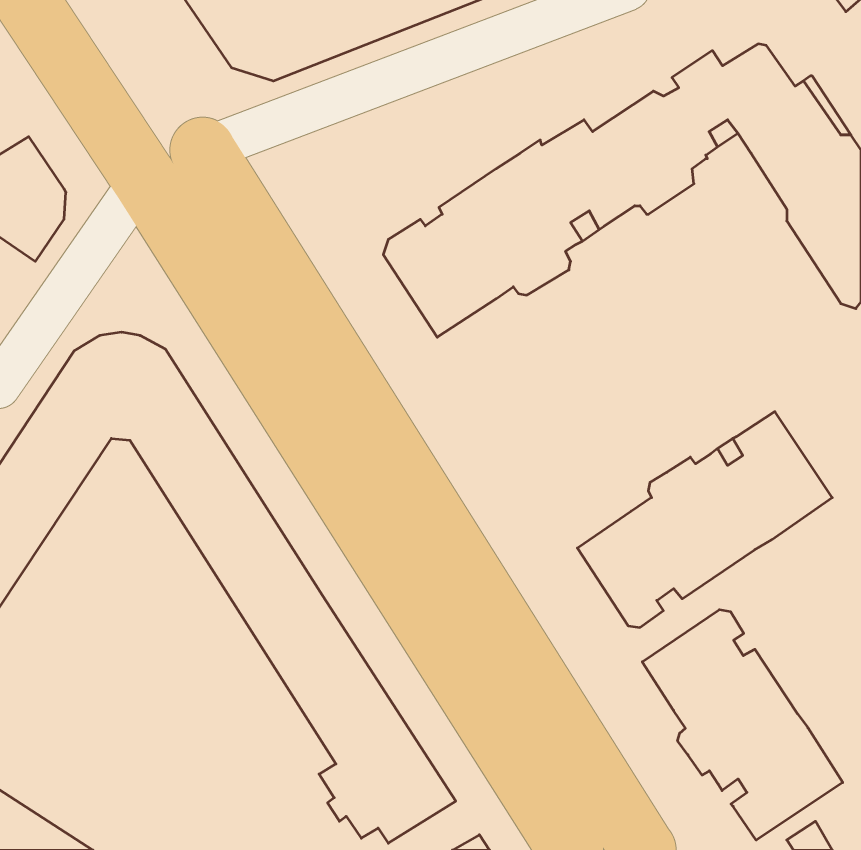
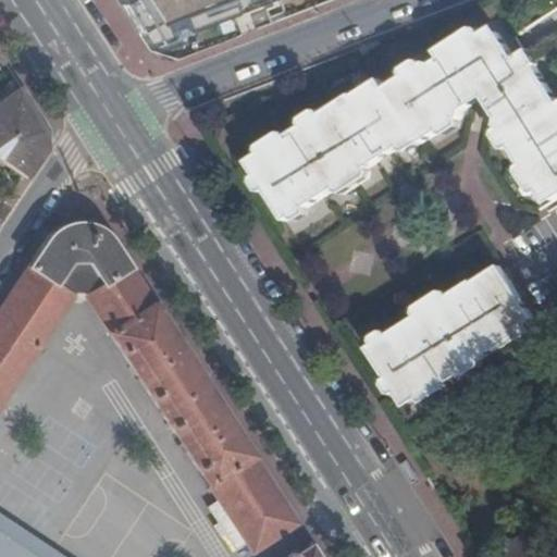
building: [642,610,843,840] -> none

